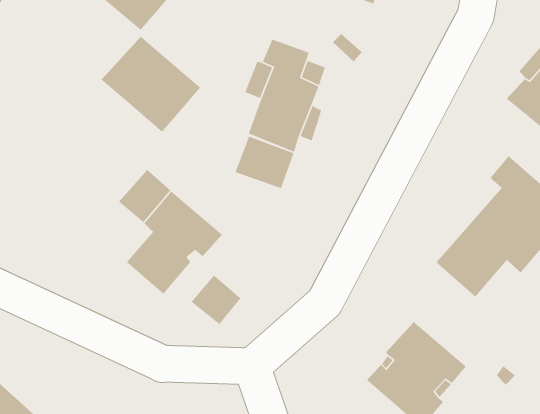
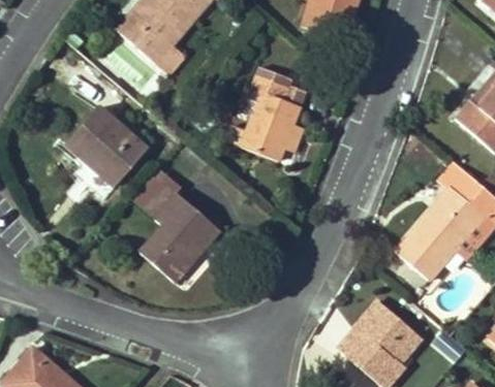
building: [100,36,201,133] -> [66,106,149,186]
building: [235,135,294,189] -> none
building: [190,275,241,325] -> none

